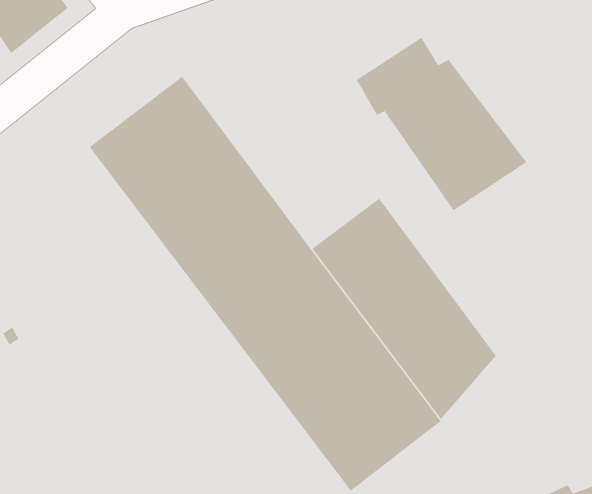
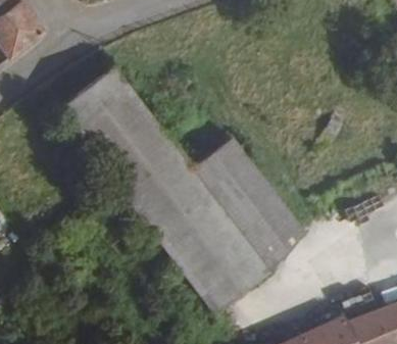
building: [356,37,527,211] -> none

